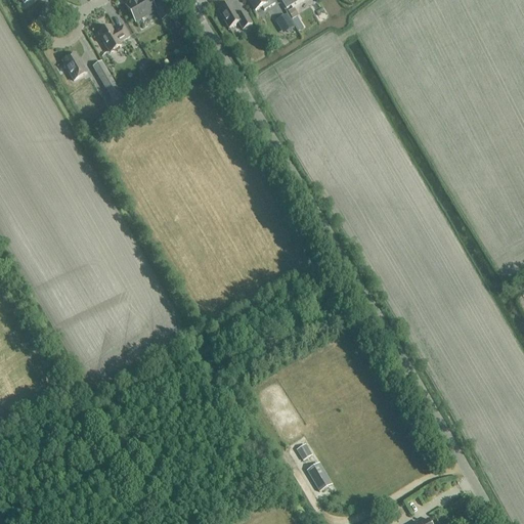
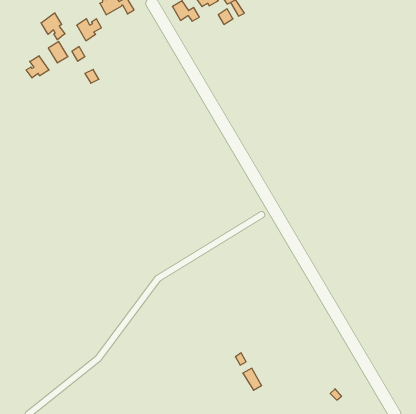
building: none -> [41,13,65,40]
building: none -> [26,56,49,78]

